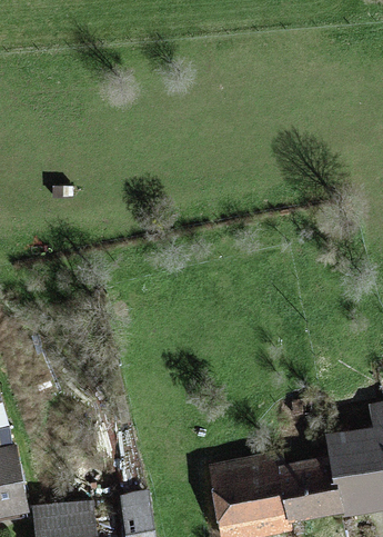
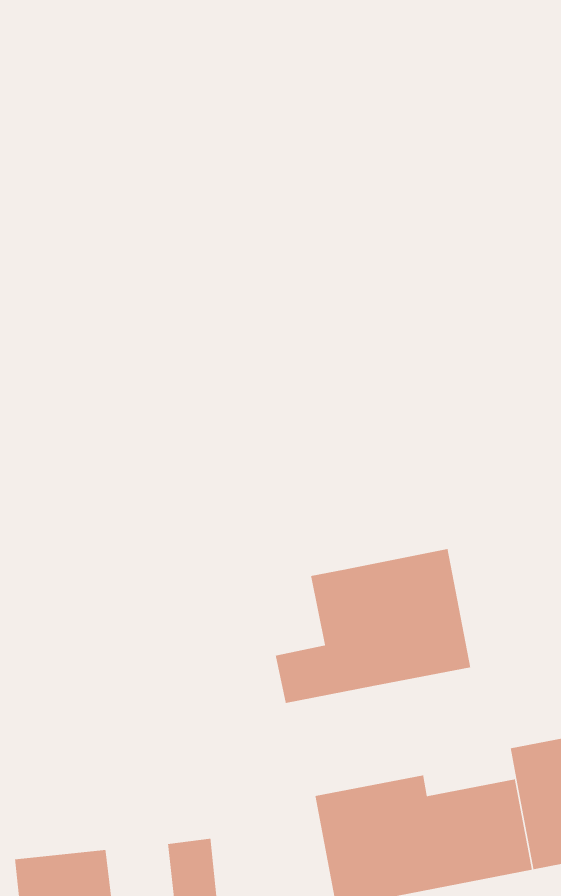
building: none -> [275,548,471,704]

